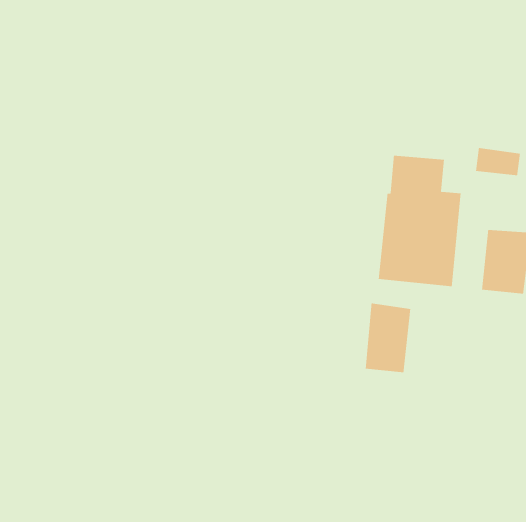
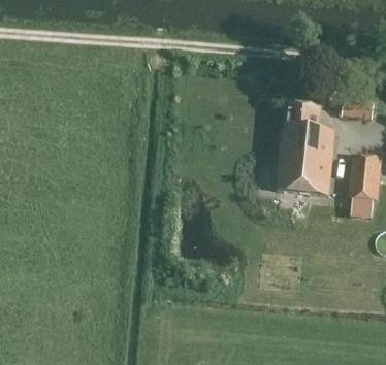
building: [365,302,411,373] -> none

